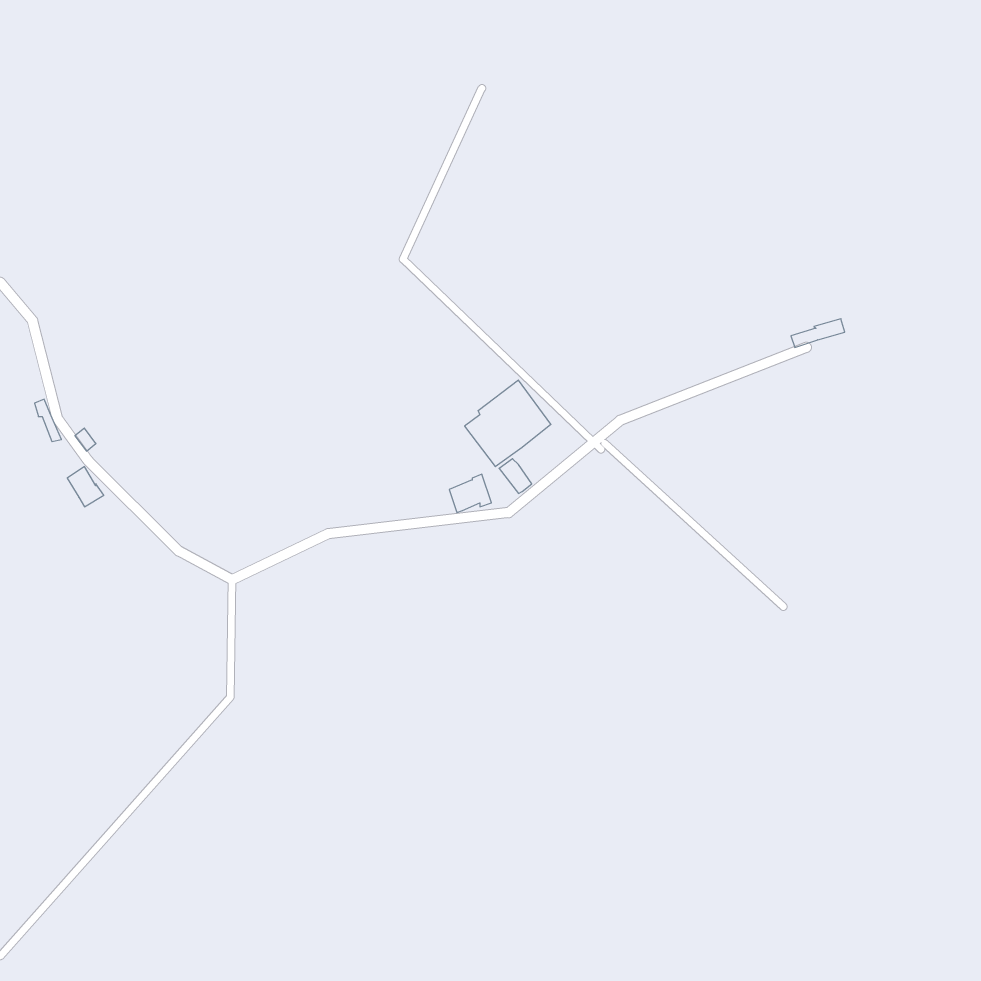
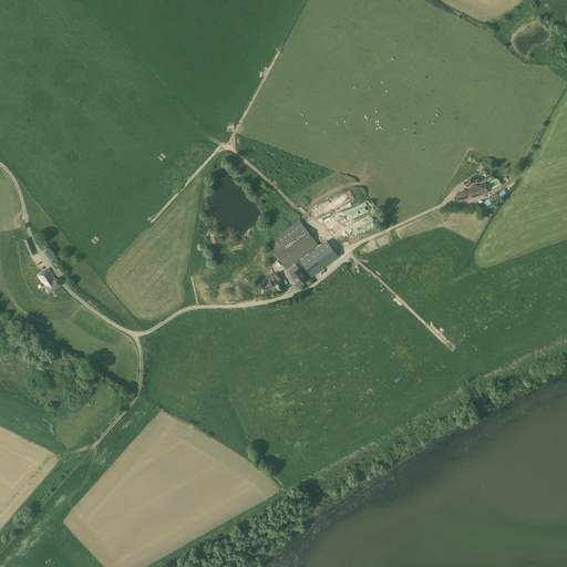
building: none -> [300,241,339,277]

